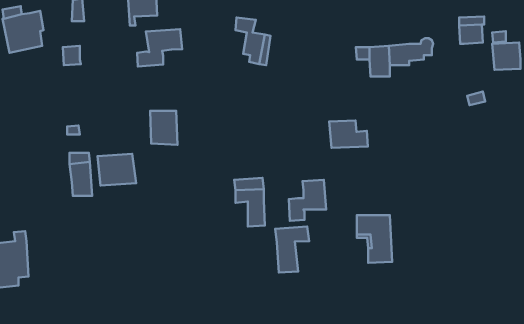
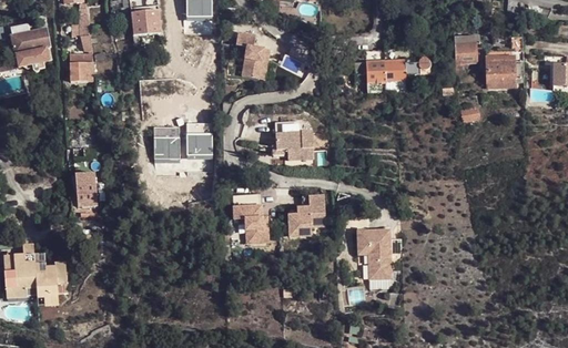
building: [137,29,182,66] -> none
building: none -> [185,123,213,155]
building: [329,121,368,148] -> [276,123,314,150]
building: [98,154,136,186] -> none
building: [275,226,309,272] -> none
building: none -> [32,253,65,306]

